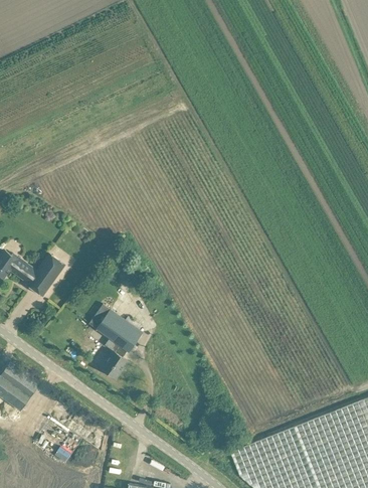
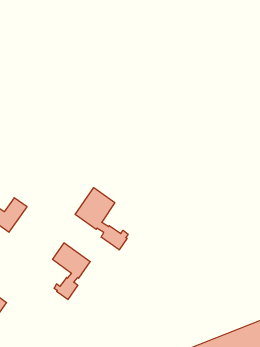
building: none -> [75,188,128,250]

